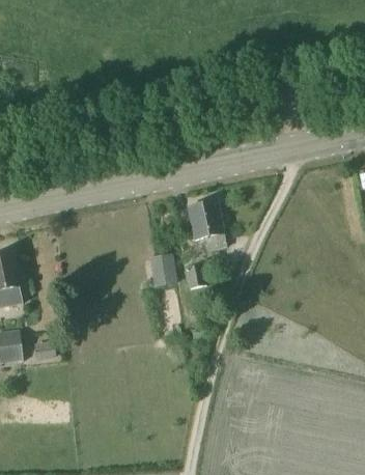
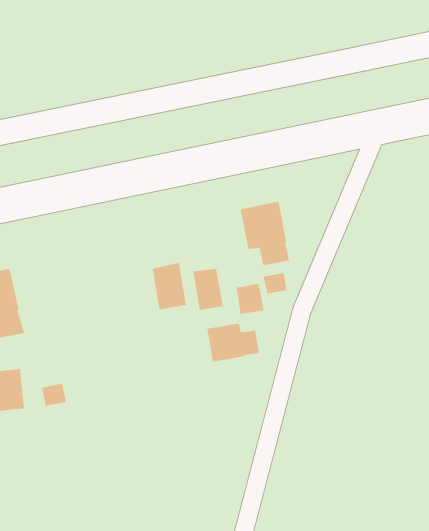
building: none -> [152,262,187,310]
building: none -> [207,323,260,363]

